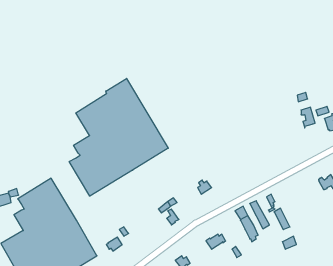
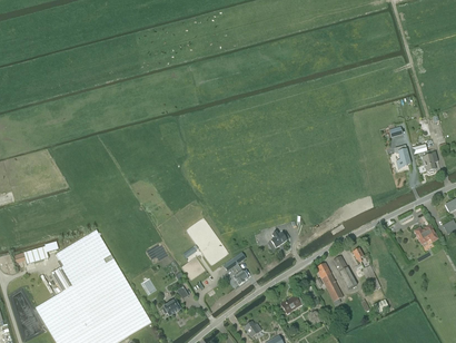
building: [69,78,168,196] -> none

